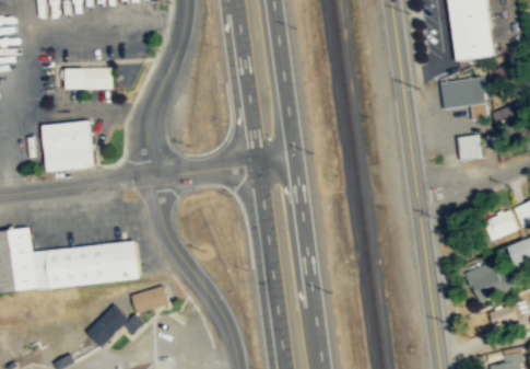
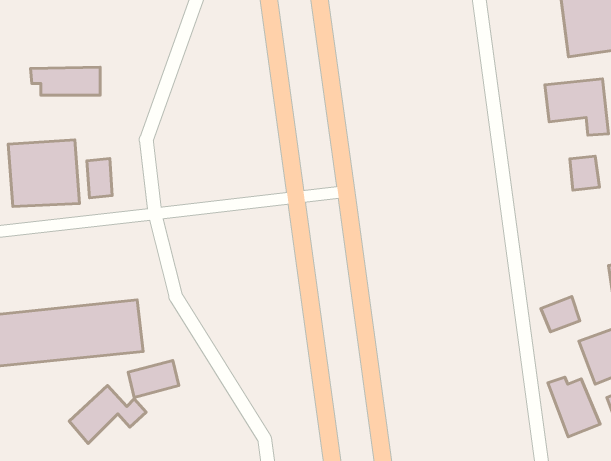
building: none -> [87,159,112,198]
building: none -> [541,297,580,332]
building: none -> [548,377,600,437]

